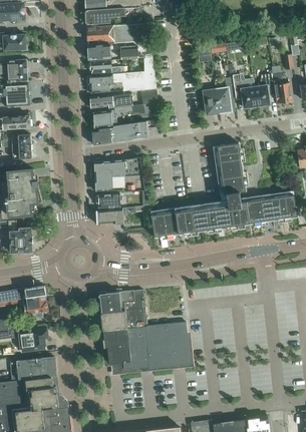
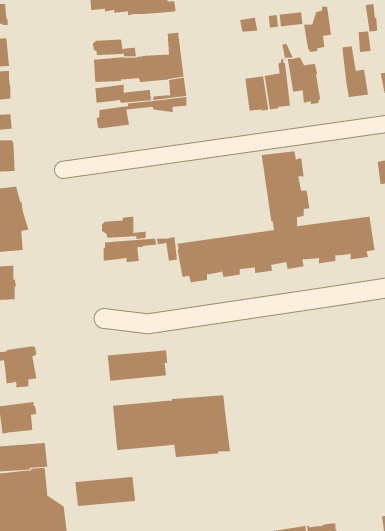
building: [87,43,136,60] -> none
building: [254,74,275,108] -> [303,6,332,53]
building: [92,121,147,145] -> none
building: [94,157,144,191] -> none
building: [101,309,146,331] -> [75,477,136,506]

